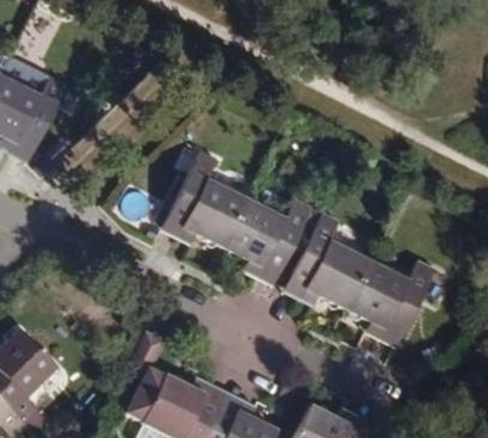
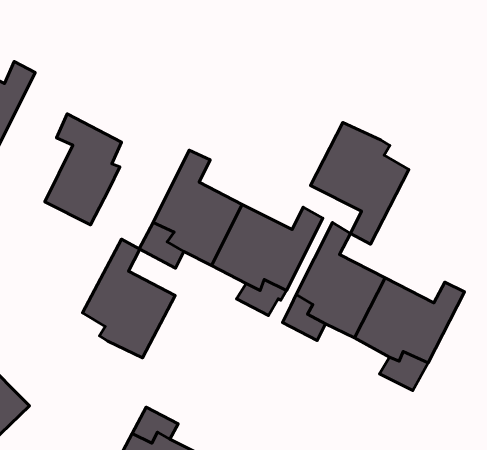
building: none -> [45,114,122,225]
building: none -> [311,123,409,244]
building: none -> [83,239,175,358]

